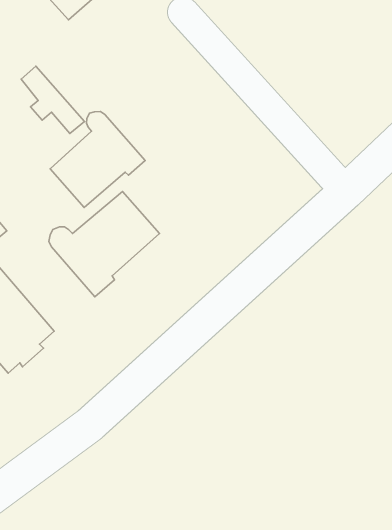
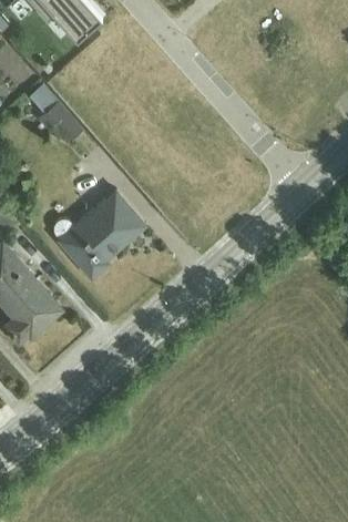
building: [50,112,145,208] -> none

